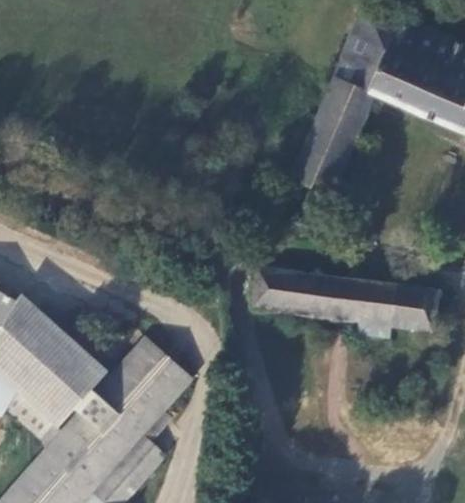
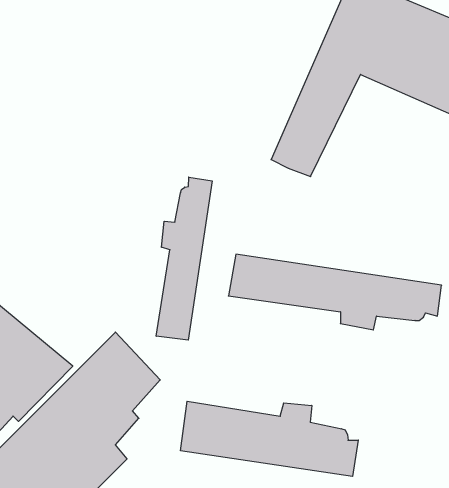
building: none -> [156,177,212,340]
building: none -> [181,401,358,476]

